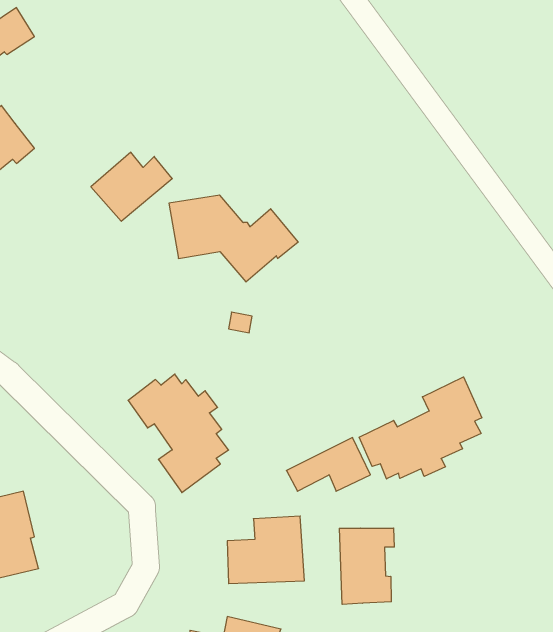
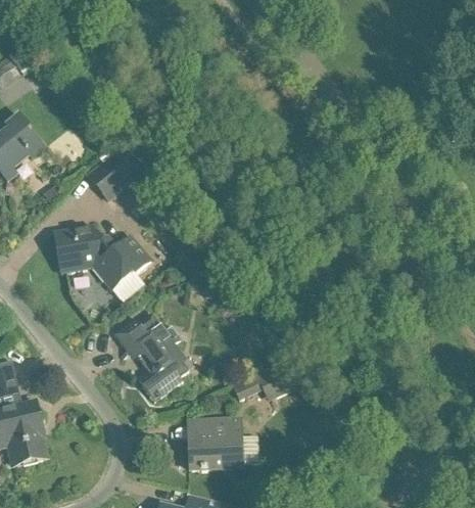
building: [169,195,298,282] -> [54,226,150,290]
building: [359,377,482,479] -> none
building: [339,528,394,604] -> none

